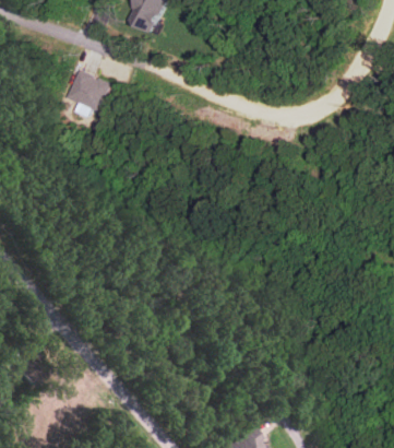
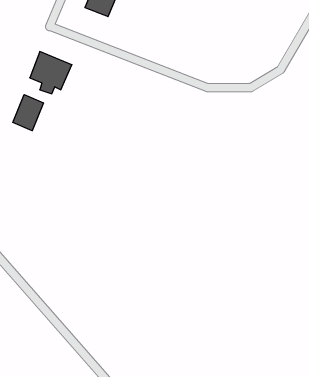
building: none -> [13,95,44,131]

